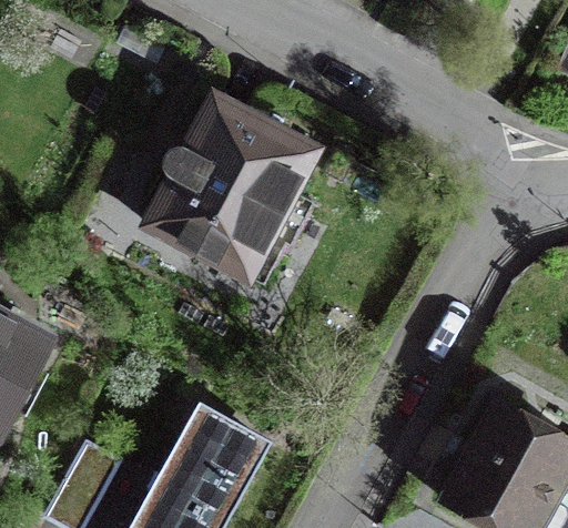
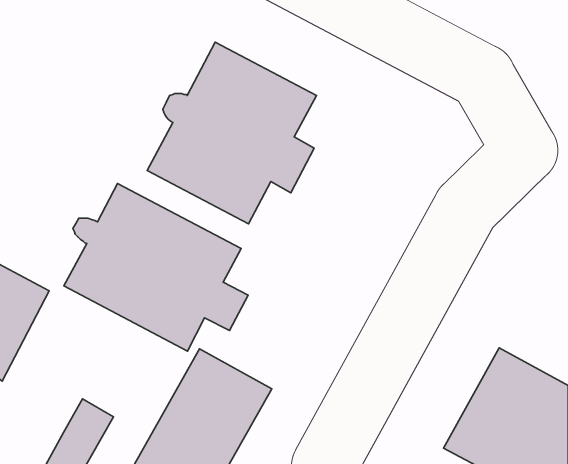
building: none -> [64,183,248,351]

